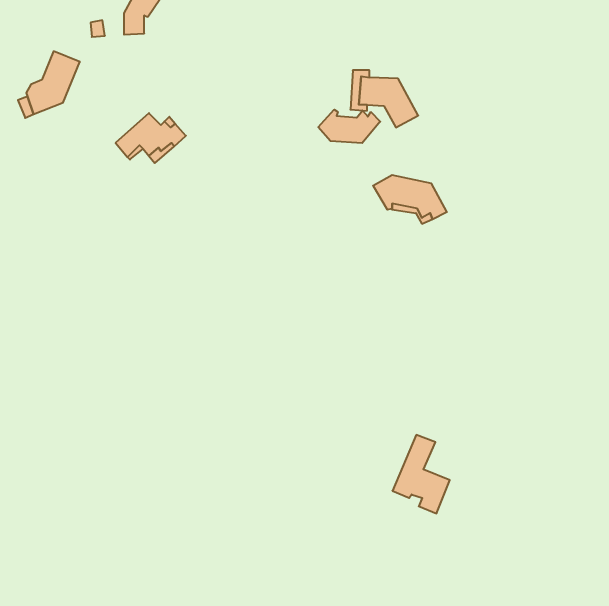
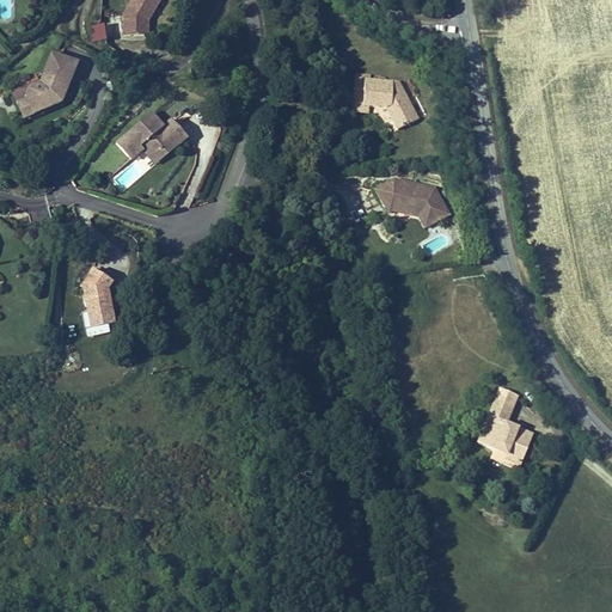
building: [318,110,380,143] -> none
building: none -> [81,269,115,326]
building: [392,435,450,513] -> [476,386,533,465]

